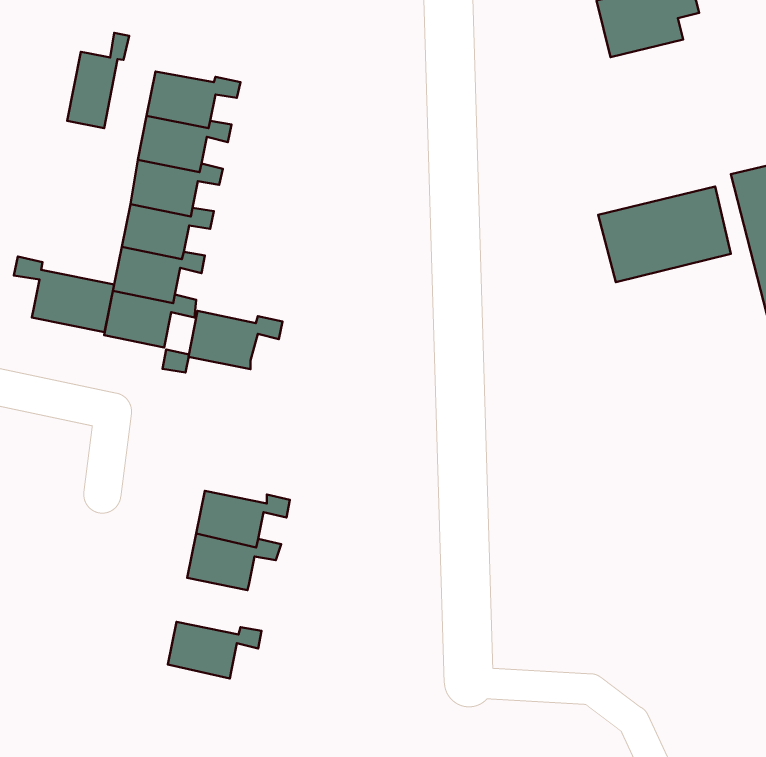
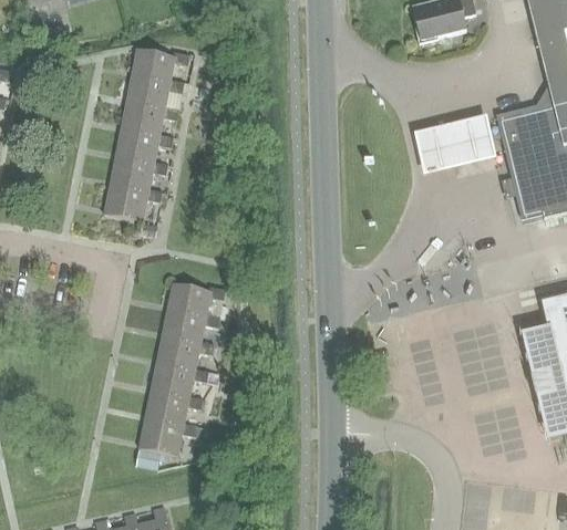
building: [67,33,129,128] -> none
building: [14,256,114,332] -> none
building: [189,311,282,369] -> [167,283,226,320]
building: none -> [150,366,208,402]
building: none -> [138,420,197,457]

